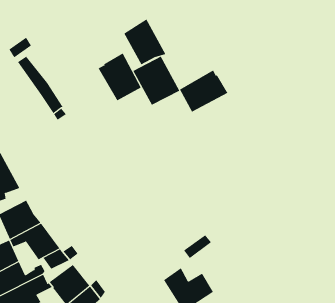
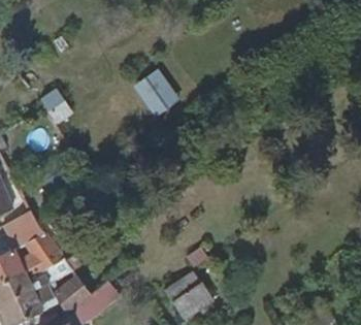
building: [123,19,166,65] -> none
building: [98,53,142,101] -> none
building: [179,69,228,112] -> none

